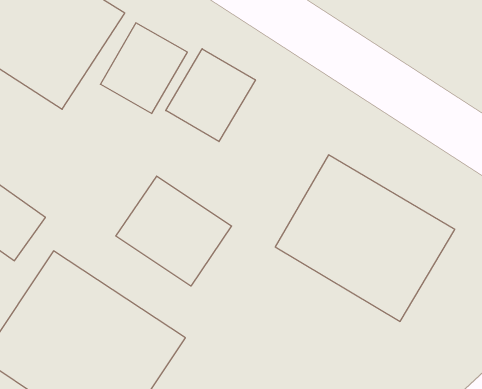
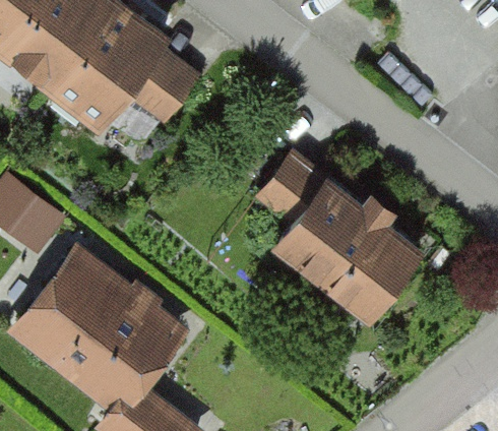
building: [166,49,255,142] -> none
building: [116,176,232,286] -> none

